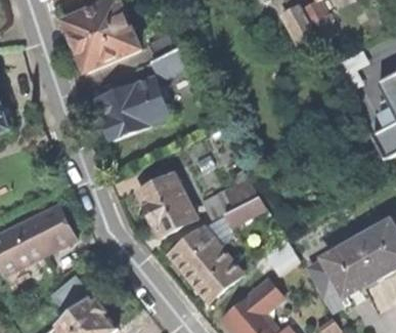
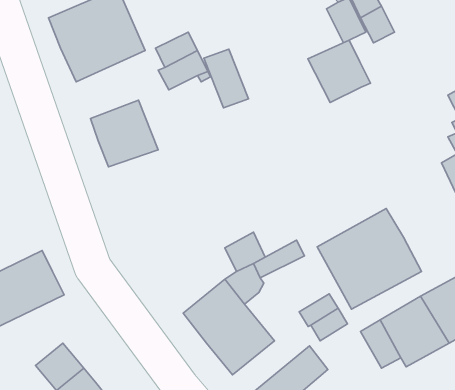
building: none -> [308,40,370,103]
building: [134,79,169,125] -> [204,49,248,108]
building: none -> [317,209,421,309]
building: [138,174,194,236] -> none

